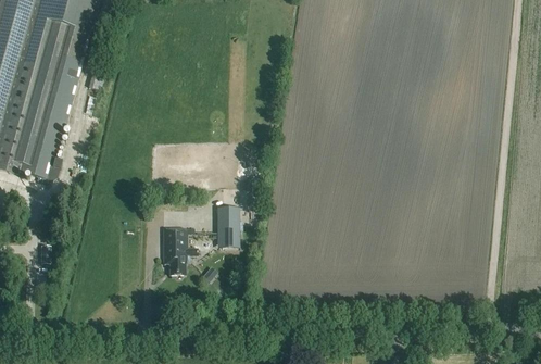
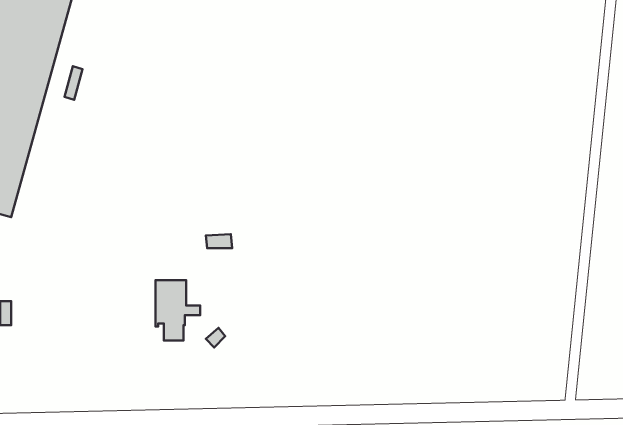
building: [216,208,238,246] -> none

